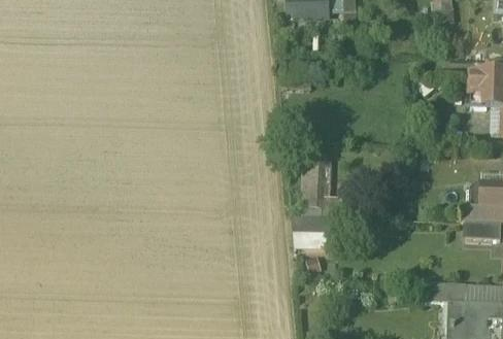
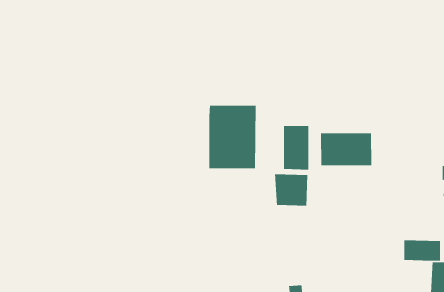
building: none -> [209,105,256,169]
building: none -> [320,132,372,166]

